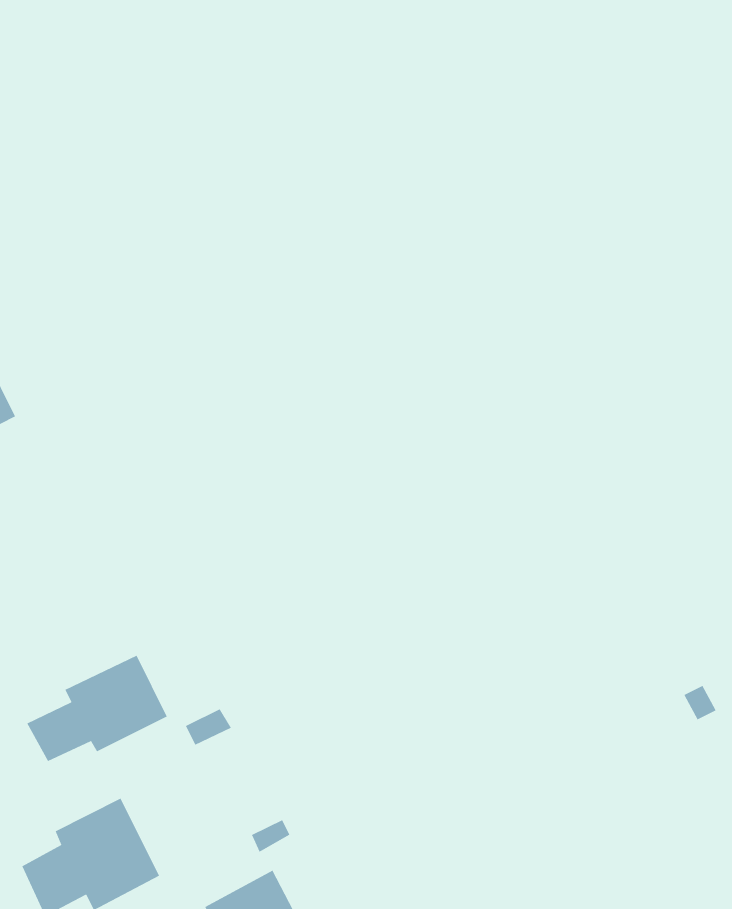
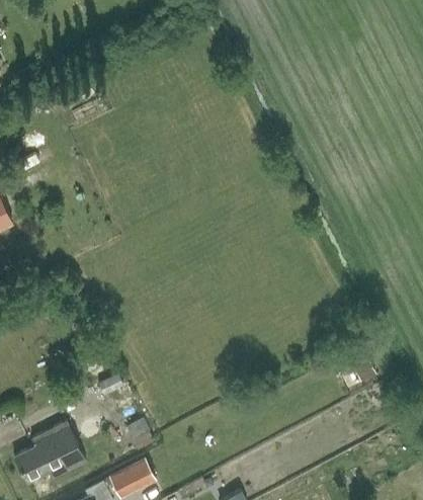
building: [26,655,168,762] -> none

